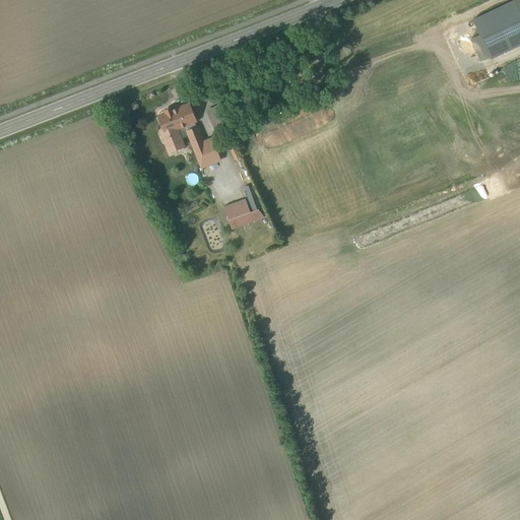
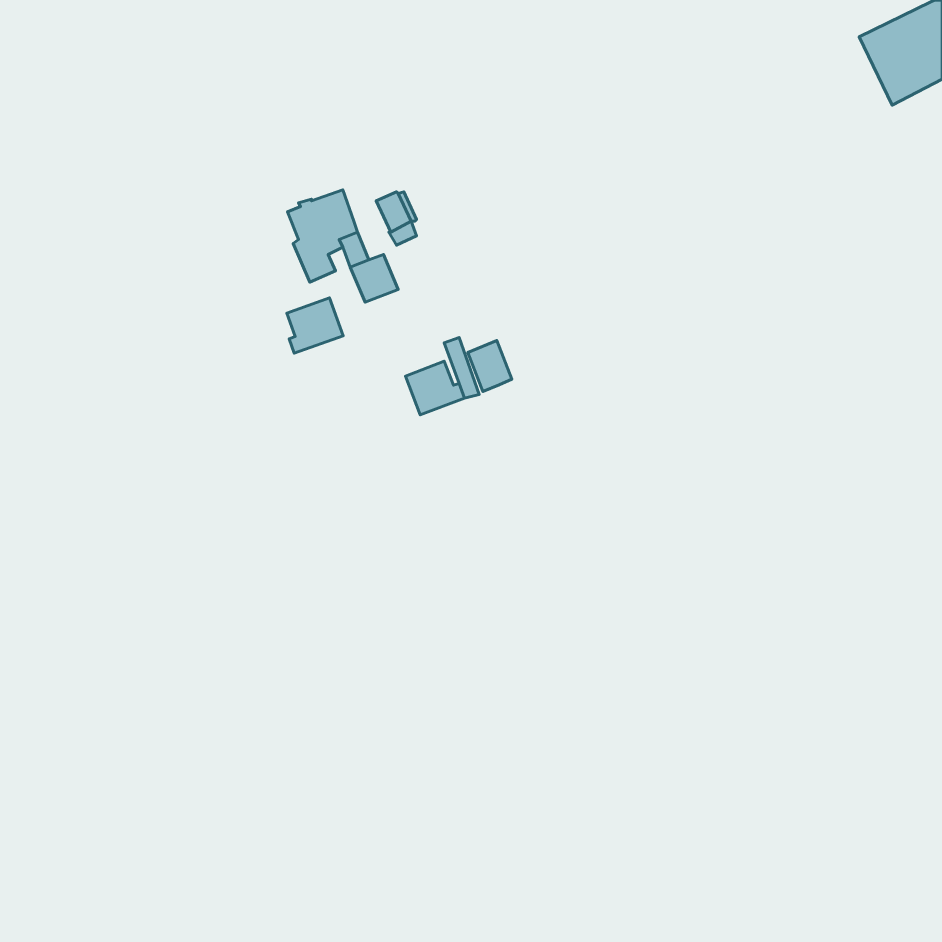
building: none -> [287,298,343,353]
building: none -> [468,340,512,391]

